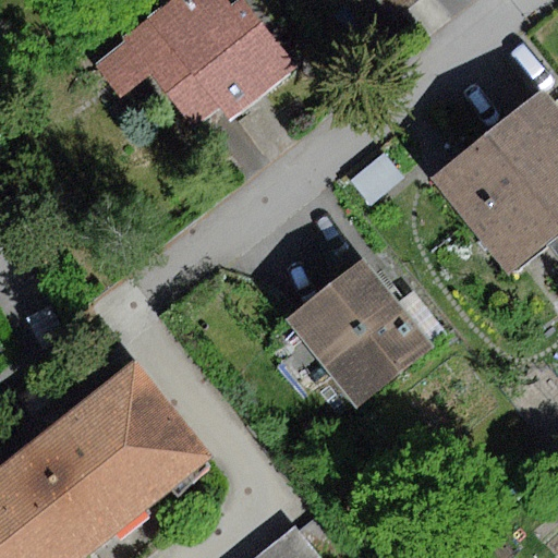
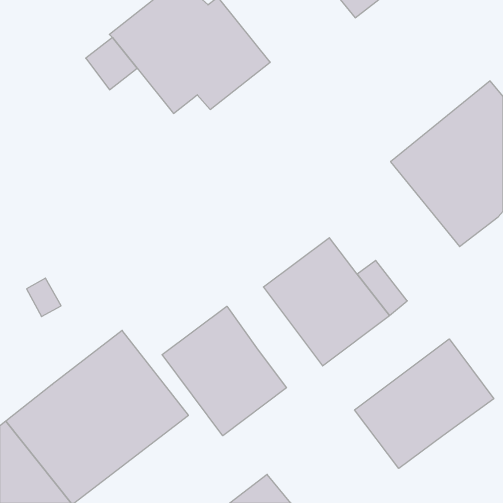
building: none -> [162,306,286,436]
building: none -> [355,339,494,468]

